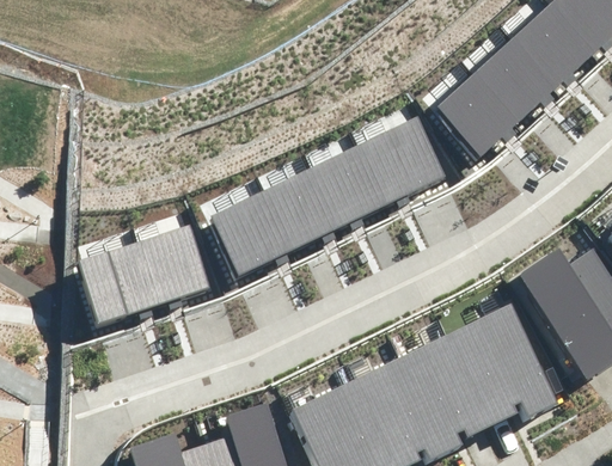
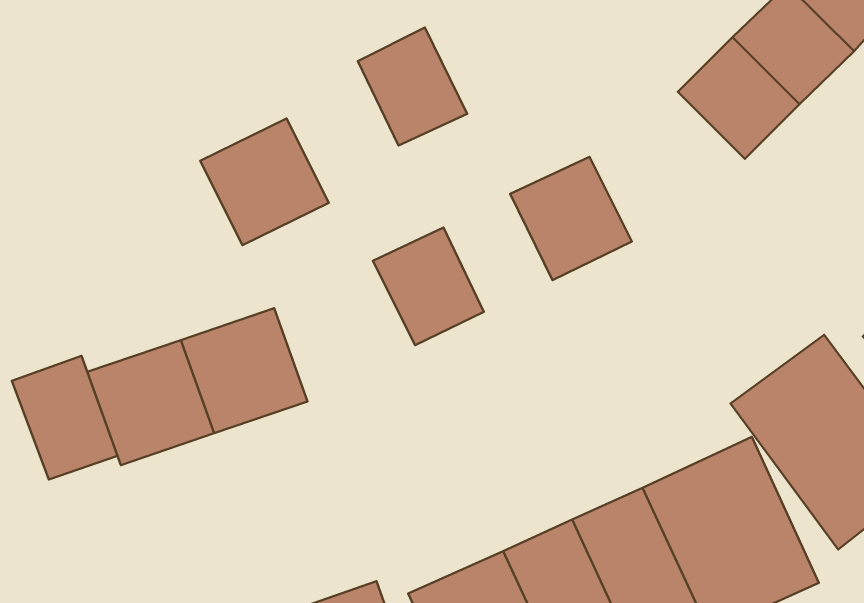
building: [439,72,521,153] -> none
building: [317,141,391,221] -> [358,28,467,146]
building: [210,186,298,272] -> [200,118,329,245]
building: none -> [12,356,118,480]

